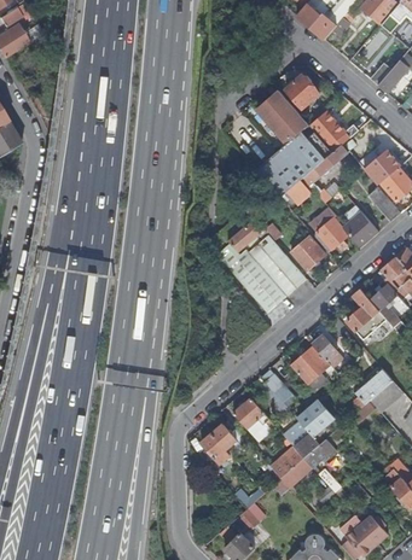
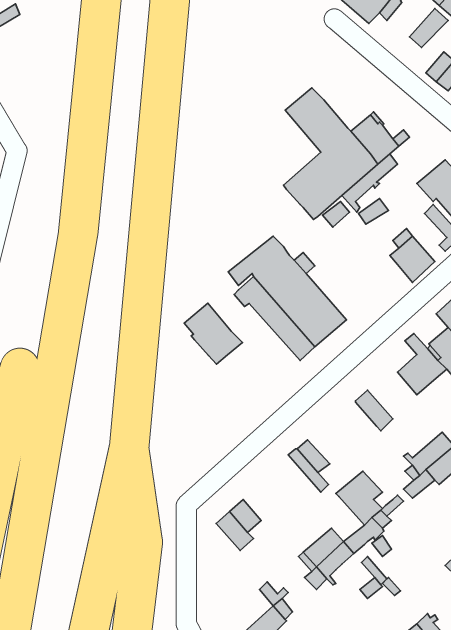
building: [284,75,318,109] -> none
building: [315,212,347,250] -> none
building: [290,238,325,272] -> none
building: none -> [184,303,242,364]
building: [291,345,330,391] -> none
building: [233,398,274,428] -> none
building: [284,421,320,457] -> none

